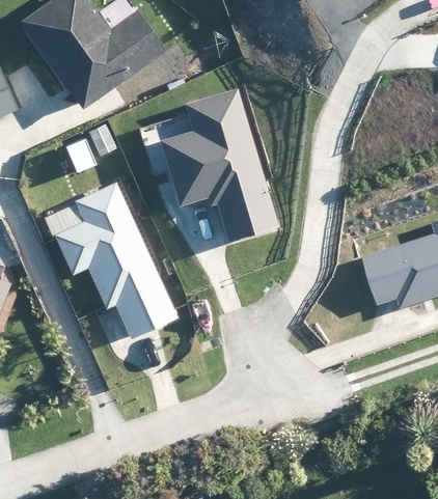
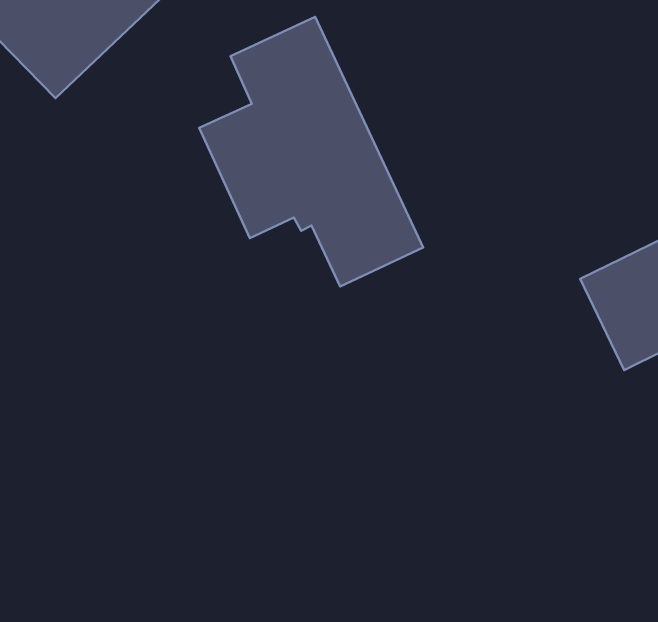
building: [47,184,176,338] -> none

